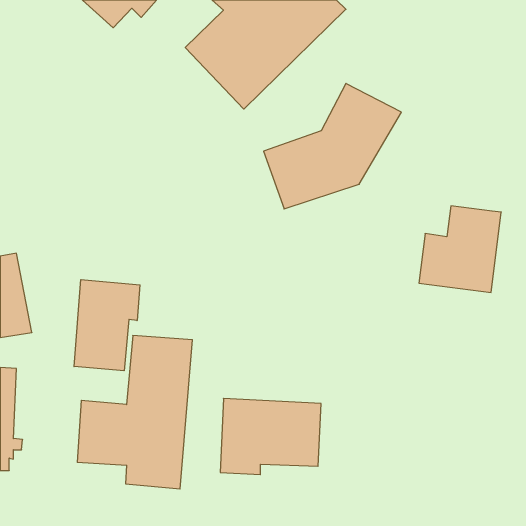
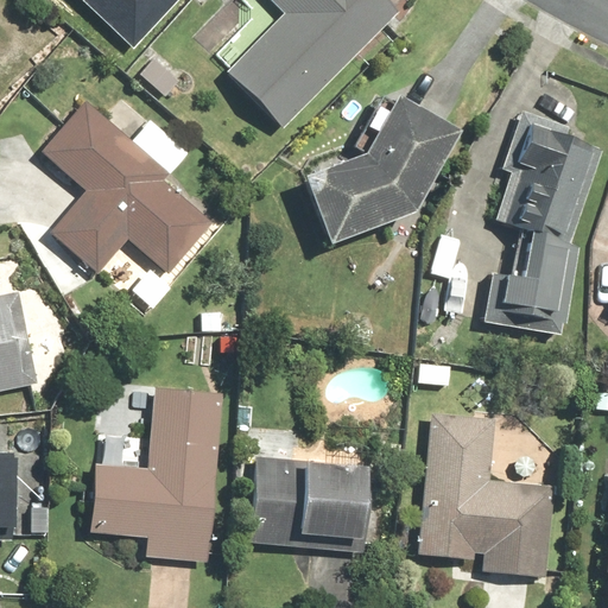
building: none -> [42,101,209,273]
building: none -> [498,126,597,242]
building: [74,280,140,371] -> none
building: none -> [419,413,551,578]

